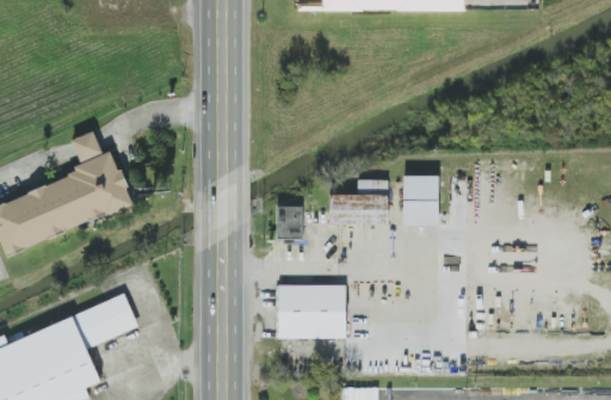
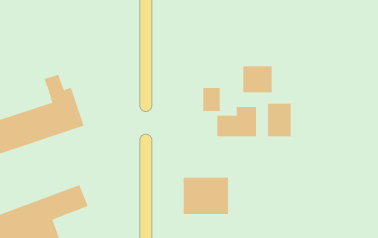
building: none -> [243,65,272,93]
building: [277,205,303,241] -> [203,87,220,112]

